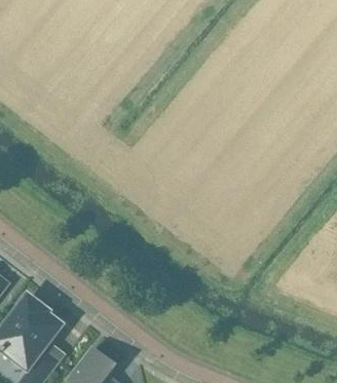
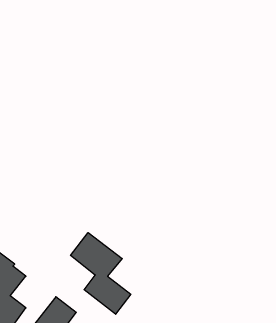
building: none -> [71,233,131,314]

